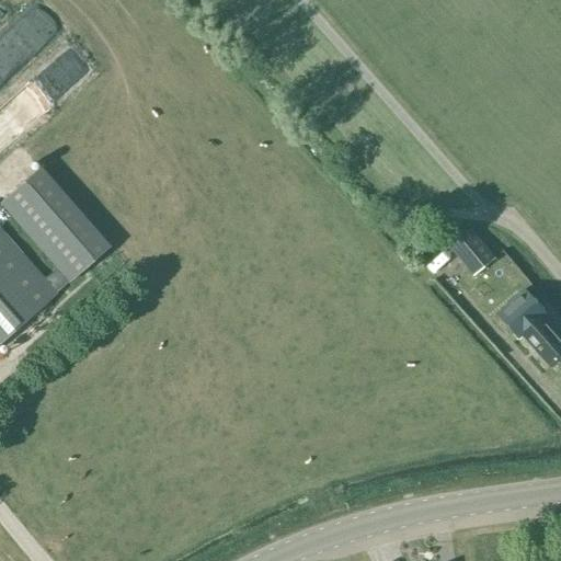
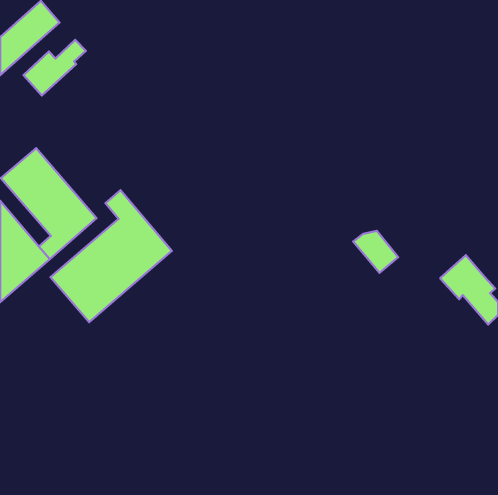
building: none -> [51,190,172,322]
building: [444,227,494,274] -> [353,231,398,273]

